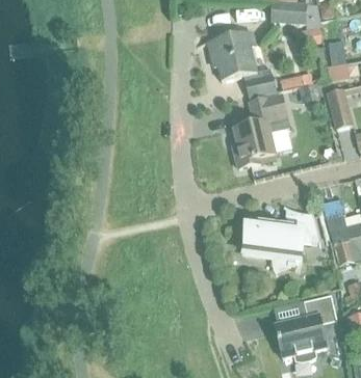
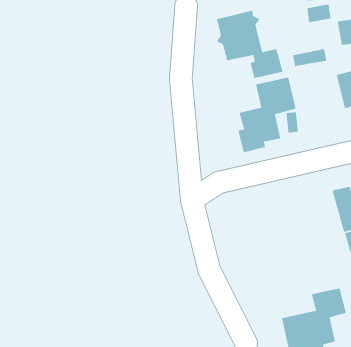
building: [244,207,320,266] -> none

